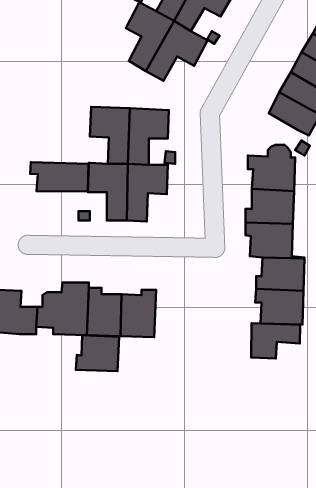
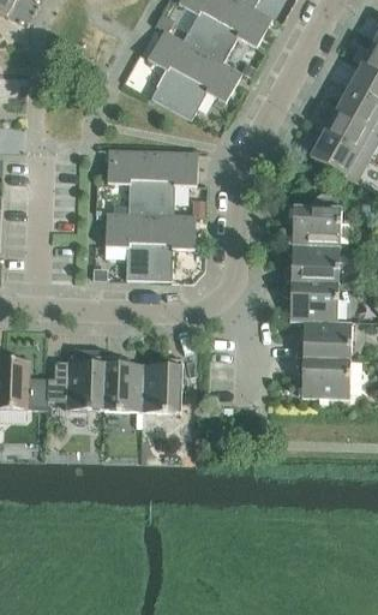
building: [30,162,88,192] -> none
building: [251,323,300,358] -> none
building: [76,335,119,371] -> none

